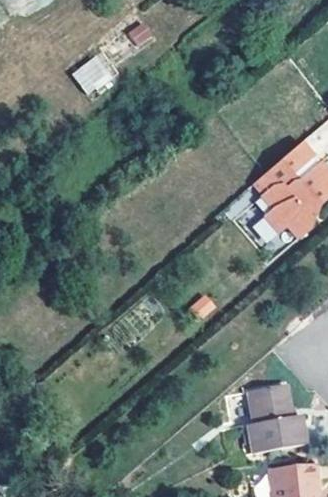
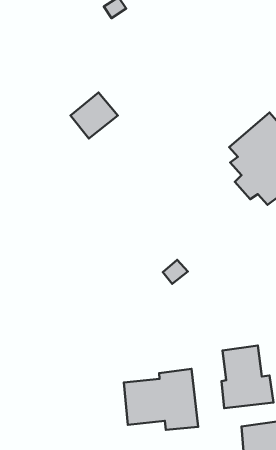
building: [71,48,120,96] -> [71,92,118,139]
building: none -> [124,369,198,430]

